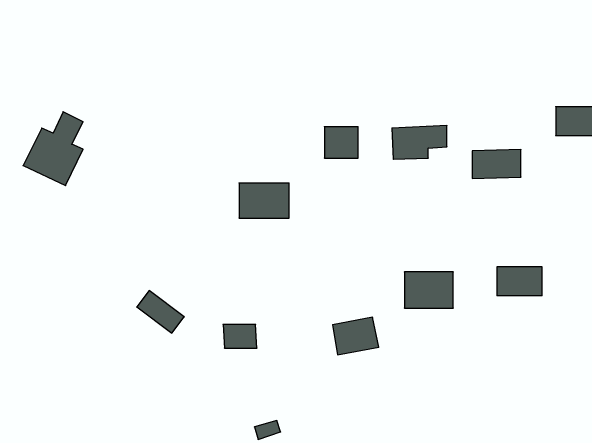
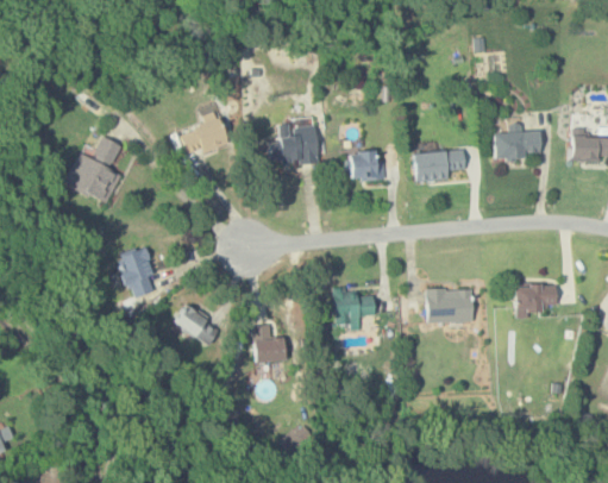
building: none -> [178,117,228,156]
building: [472,150,521,178] -> [495,130,541,157]
building: [239,183,289,218] -> [270,130,318,163]
building: none -> [118,246,163,299]
building: [333,317,379,355] -> [334,288,378,324]

